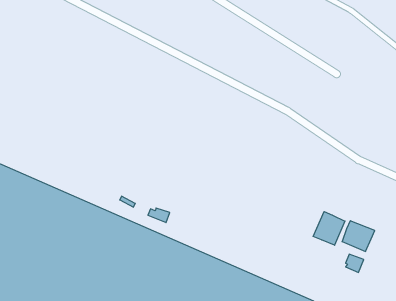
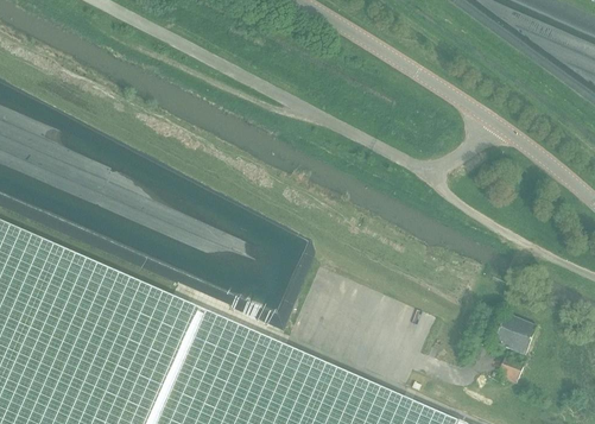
building: [313,212,345,245] -> none

